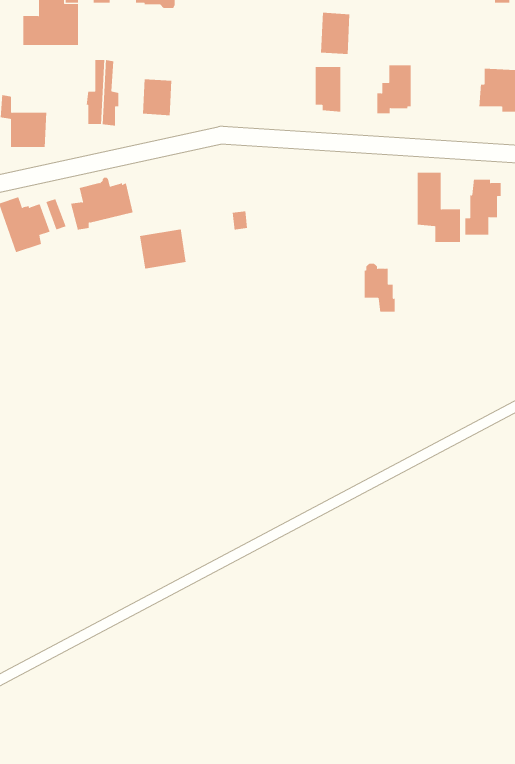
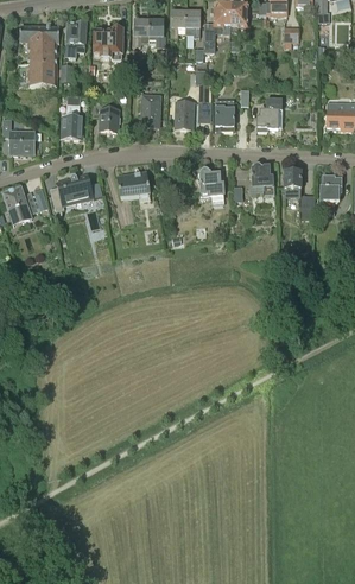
building: [320,12,350,54] -> [173,100,194,128]
building: none -> [140,94,159,126]
building: none -> [196,166,223,196]
building: [139,229,187,269] -> [116,170,148,197]
building: [364,263,395,312] -> [252,161,273,195]

